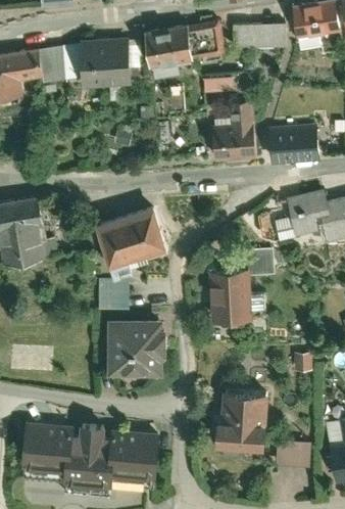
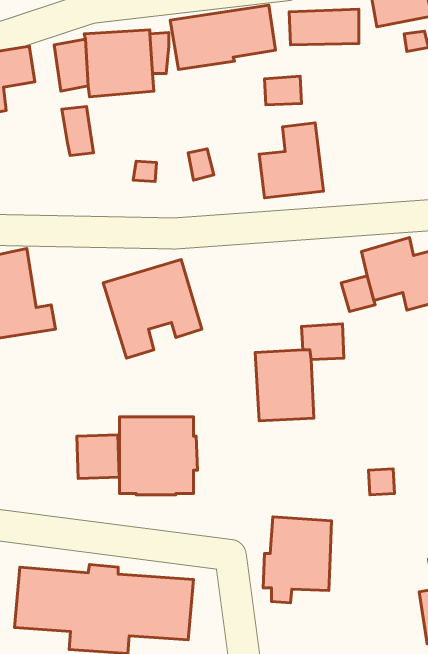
building: [38,44,61,81] -> [62,106,93,156]
building: [269,125,317,159] -> none
building: [96,284,128,317] -> [77,435,119,479]
building: [274,449,308,477] -> none

